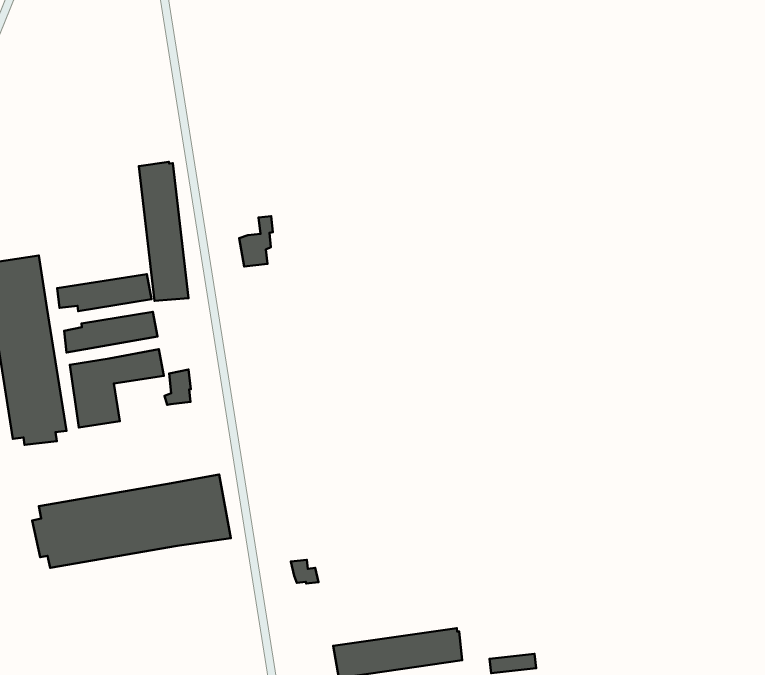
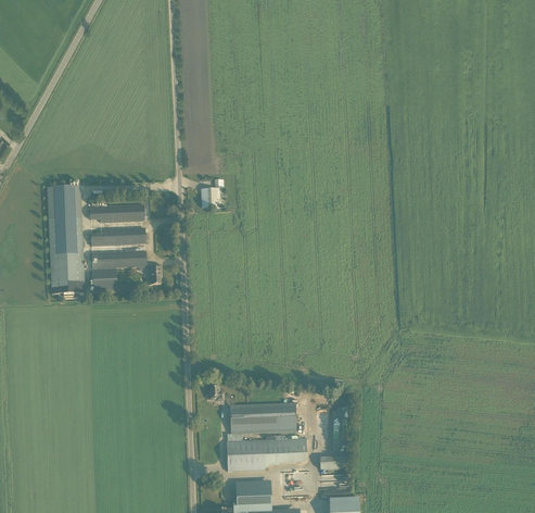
building: [139,162,188,301] -> none
building: [32,474,231,568] -> none
building: none -> [229,402,295,434]

